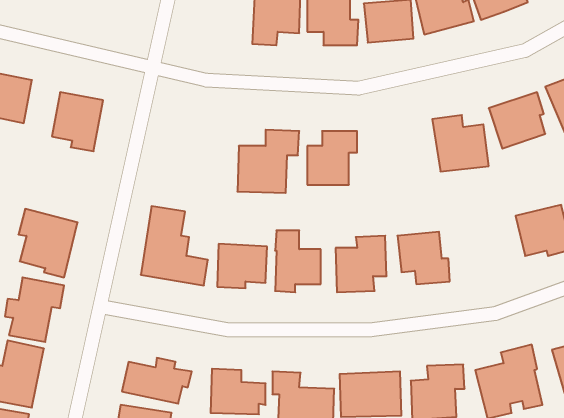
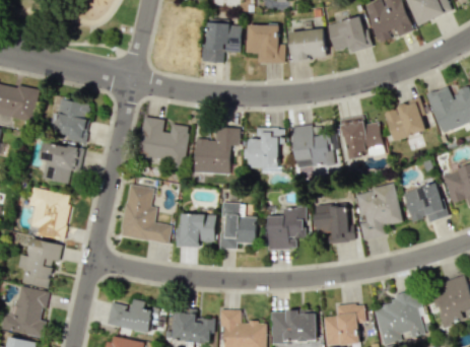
building: none -> [137,117,189,166]
building: none -> [290,125,333,164]
building: none -> [40,142,83,184]
building: none -> [354,186,401,240]

